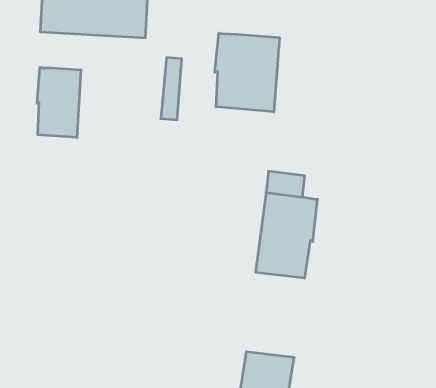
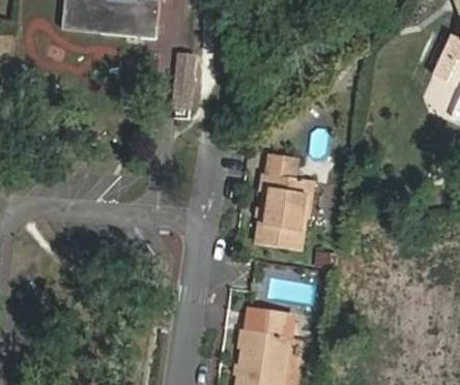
building: [215,33,279,112] -> none
building: [37,67,81,138] -> none

